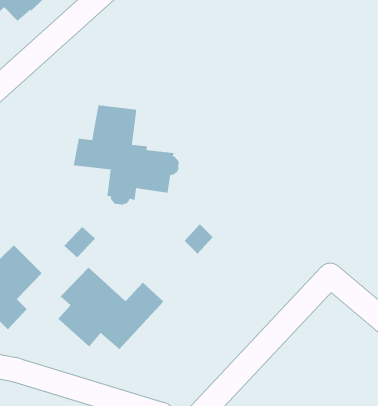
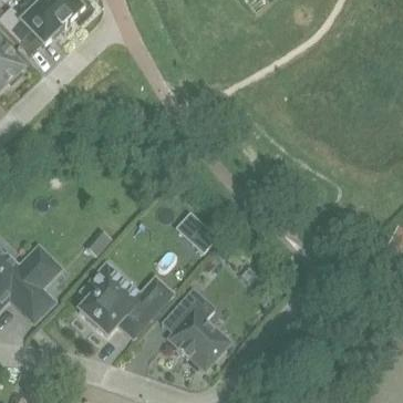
building: [73,105,179,205] -> none
building: none -> [167,287,228,369]

